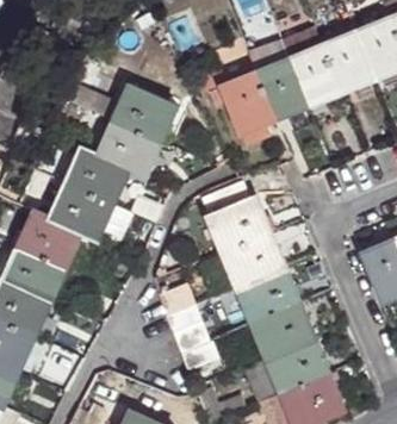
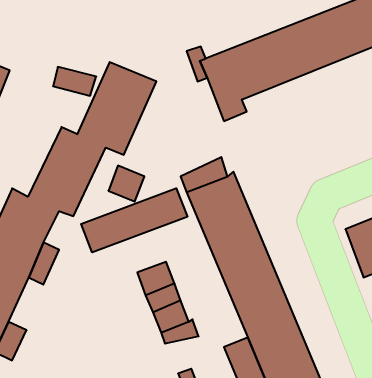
building: none -> [81,188,187,252]

